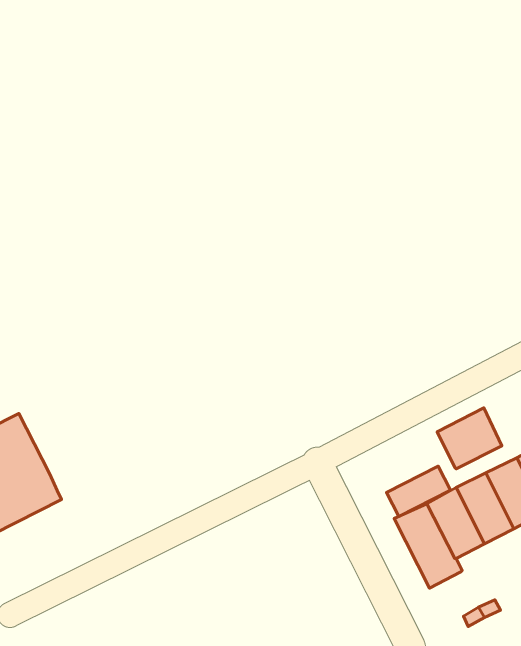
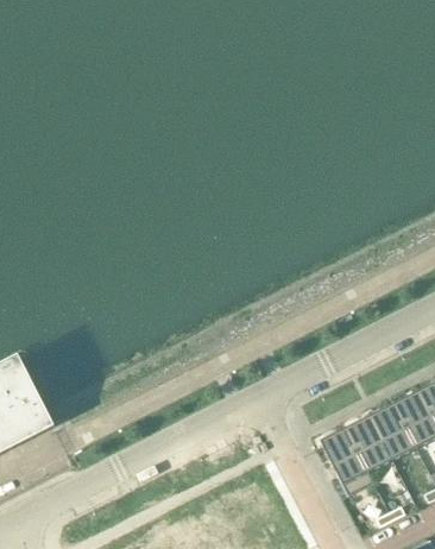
building: [437,408,502,469] -> none
building: [387,466,450,516] -> none

